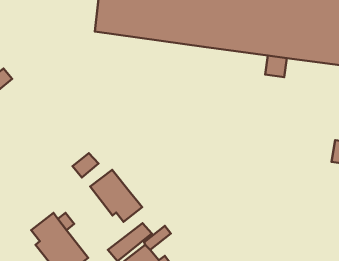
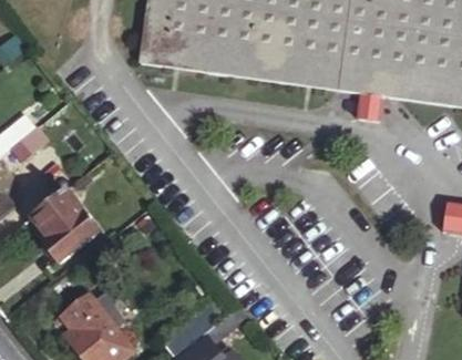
building: none -> [27,187,95,264]
building: [90,170,142,222] -> none

